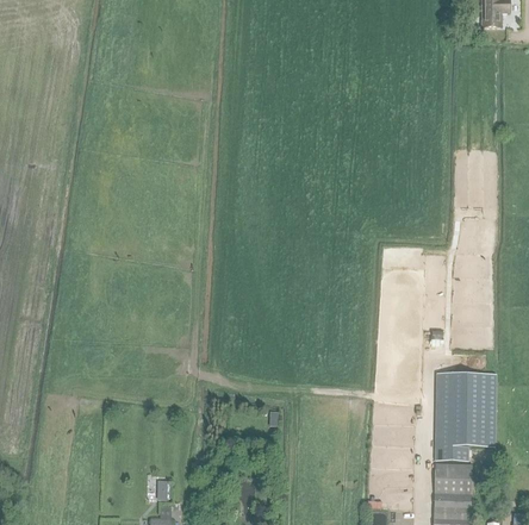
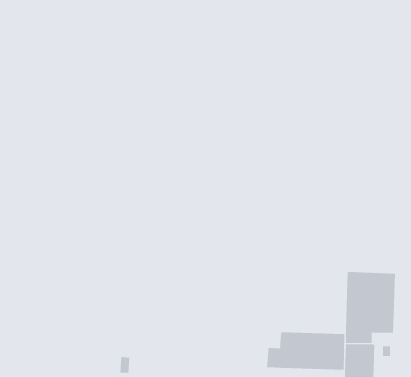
building: none -> [267,332,345,370]

